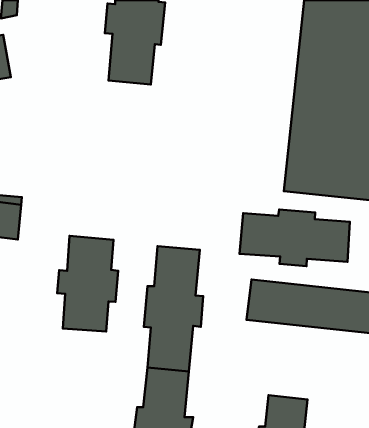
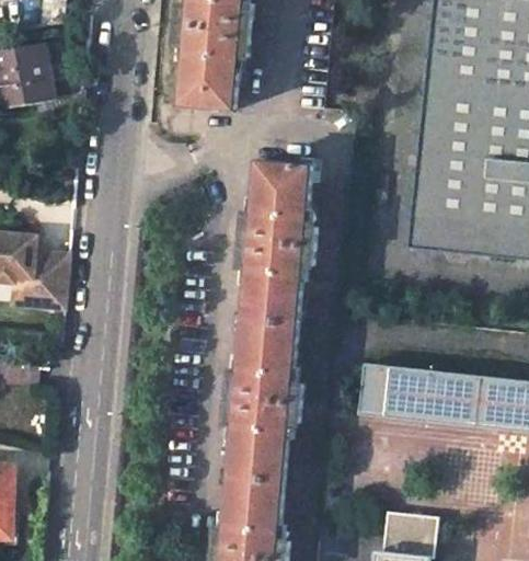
building: none -> [241,160,318,323]
building: [240,210,350,266] -> none
building: [57,236,118,332] -> none

